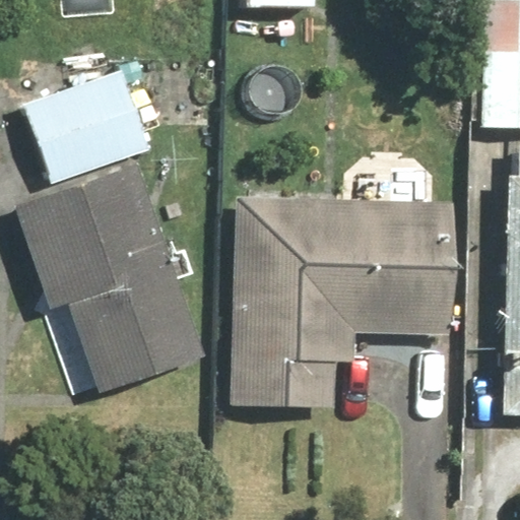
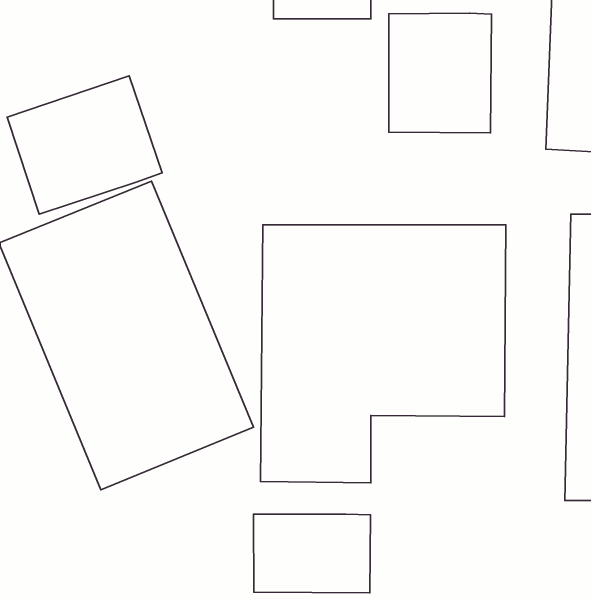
building: none -> [389,13,491,133]
building: none -> [254,514,370,593]

